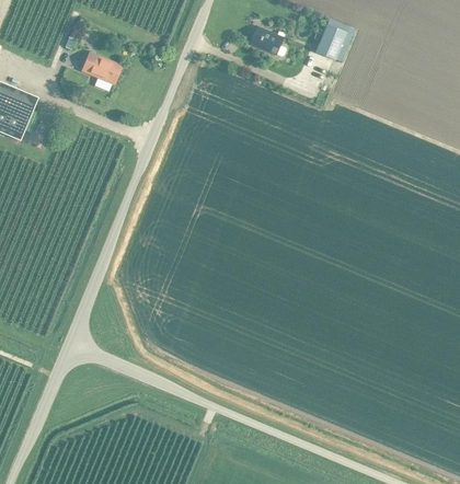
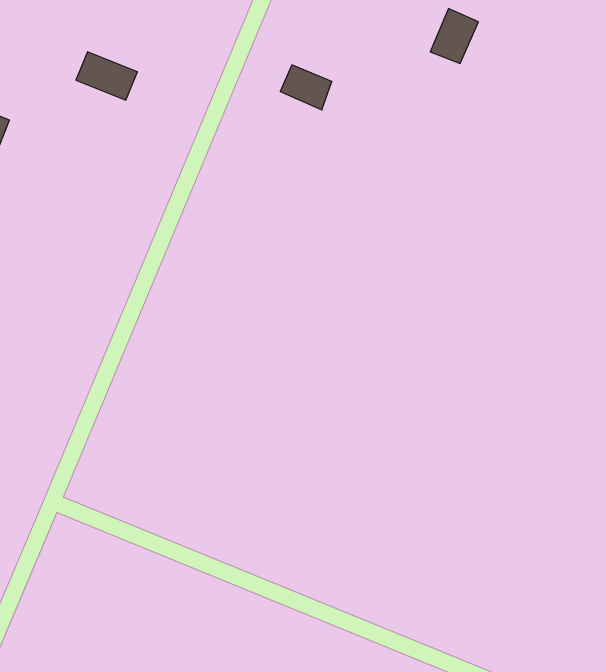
building: [249,25,283,55] -> [280,65,332,110]

